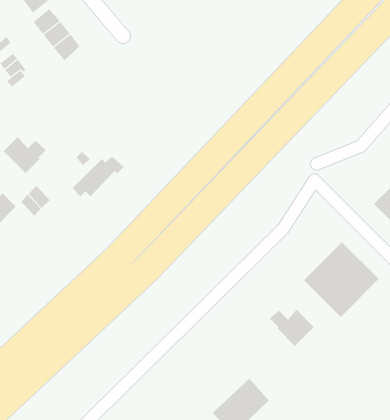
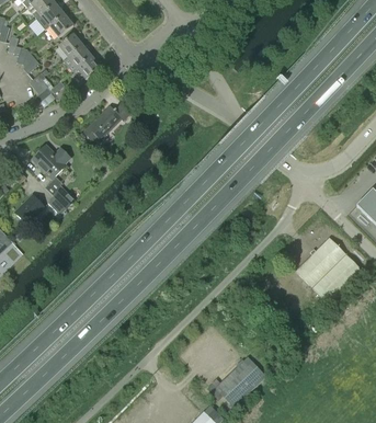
building: [72,156,124,197] -> [83,103,129,139]
building: [269,309,315,347] -> none

